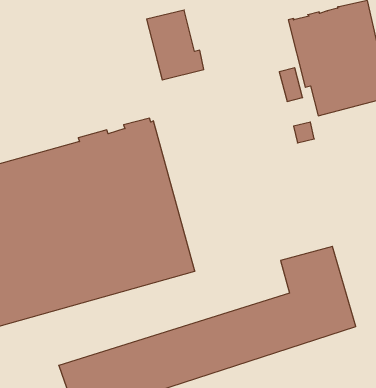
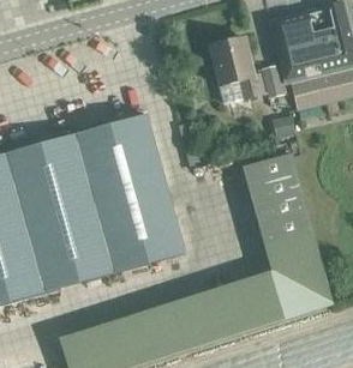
building: [147,10,204,80] -> [210,37,263,102]
building: none -> [241,152,311,243]

